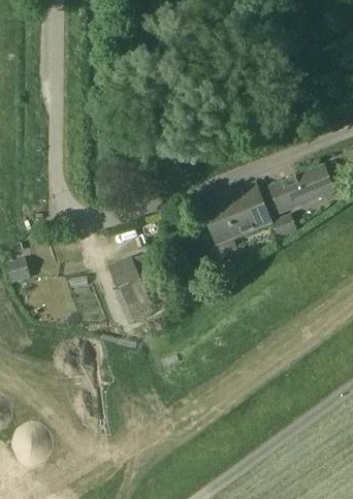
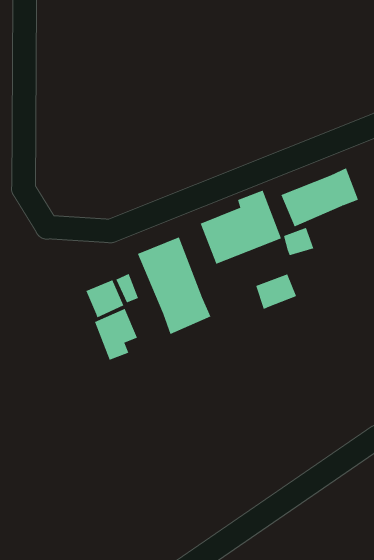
building: none -> [137,236,211,335]
building: none -> [255,273,297,310]

